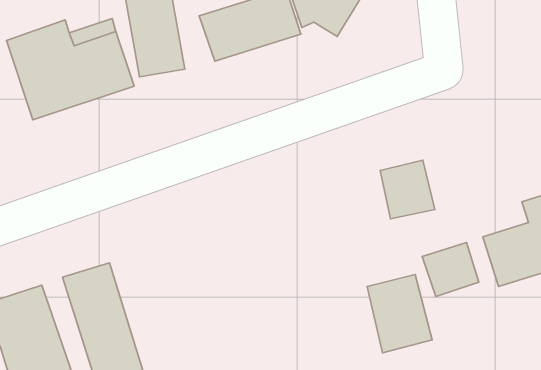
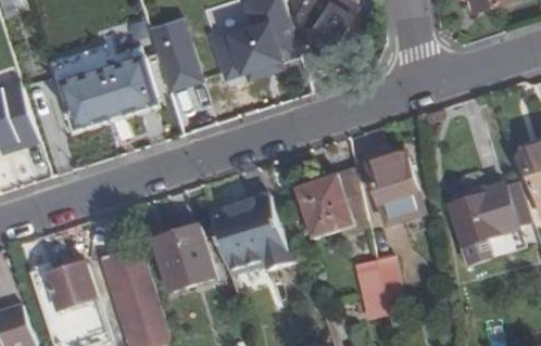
building: none -> [294,174,354,236]
building: none -> [209,197,289,272]
building: none -> [153,226,213,291]
building: [422,242,479,297] -> none

